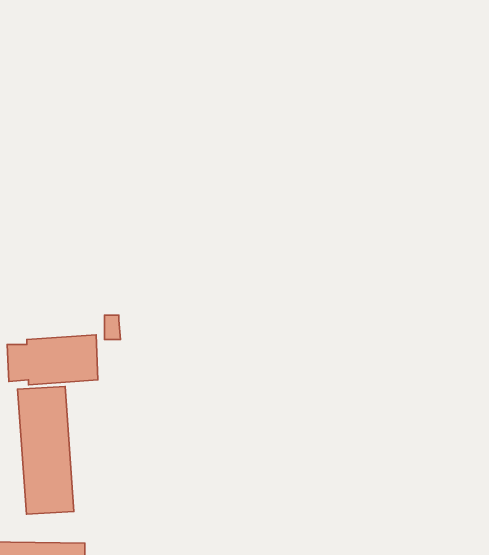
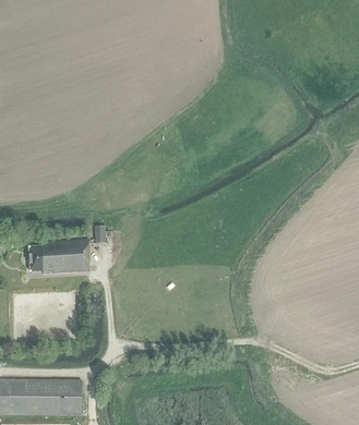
building: [18,387,74,514] -> none

